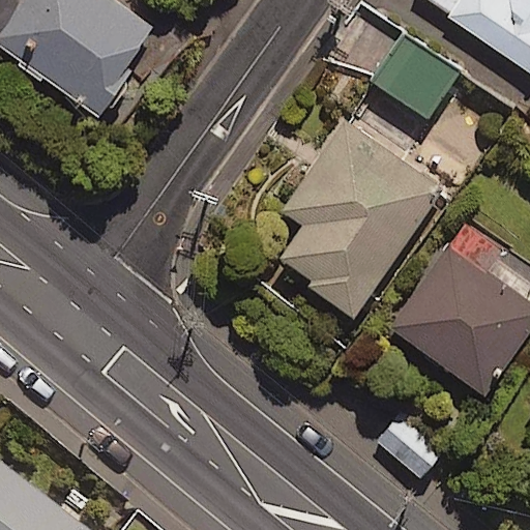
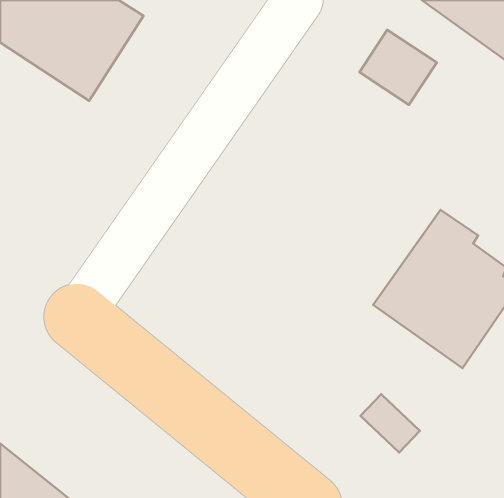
building: [278,122,441,311] -> none

